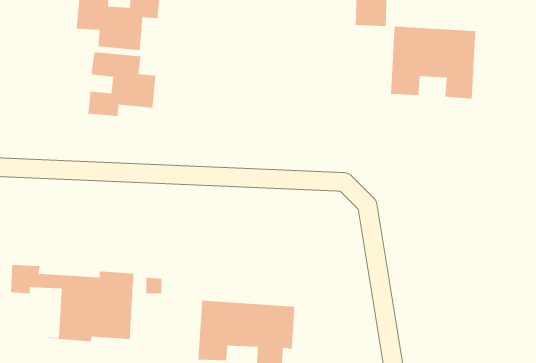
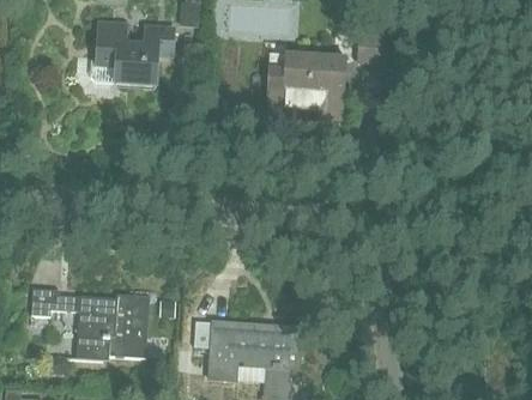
building: [390,26,476,99] -> [264,51,345,121]
building: [88,52,156,117] -> none

